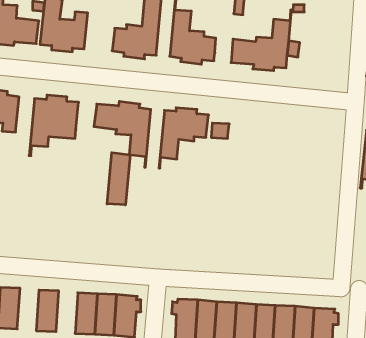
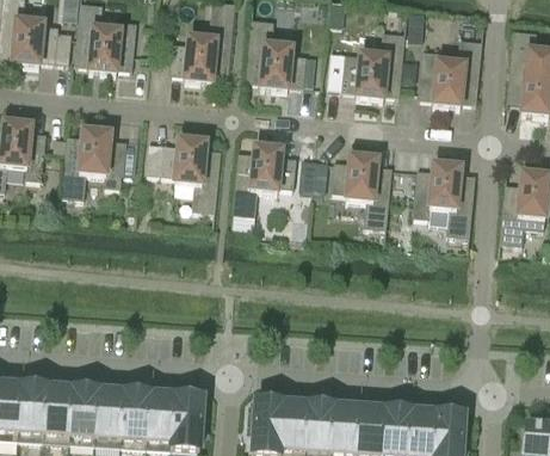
building: none -> [418,26,483,107]
building: none -> [332,156,393,242]
building: none -> [413,165,476,251]
building: [107,153,130,205] -> none
building: none -> [44,387,73,443]
building: none -> [95,390,124,446]

